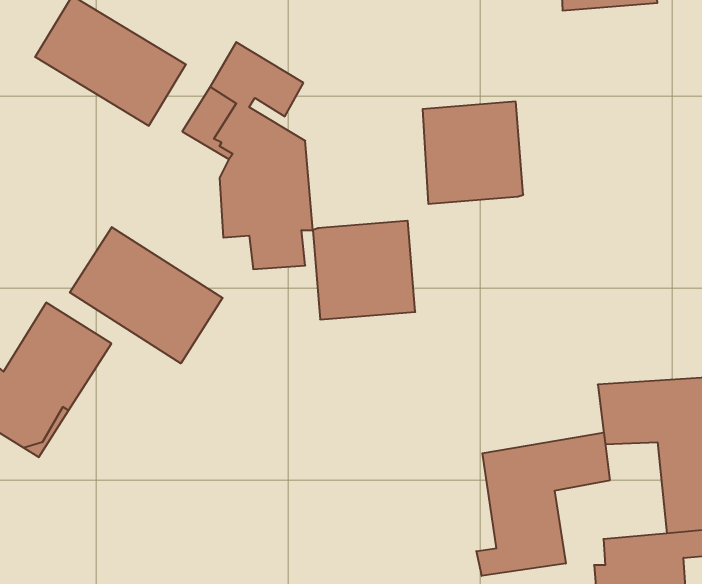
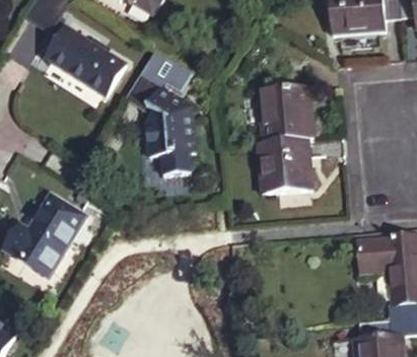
building: [313,221,415,319] -> [257,135,312,189]
building: [70,227,223,363] -> none
building: [476,433,610,576] -> none

